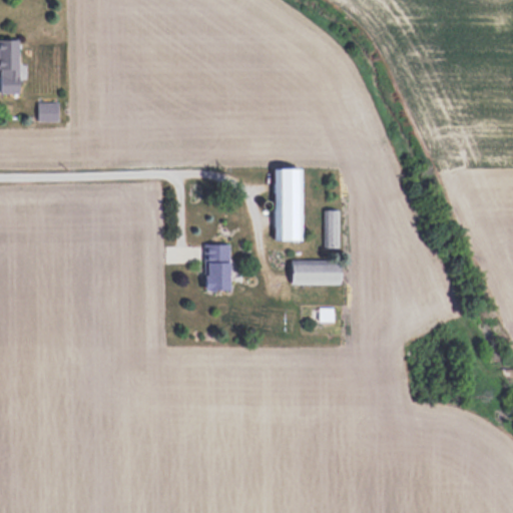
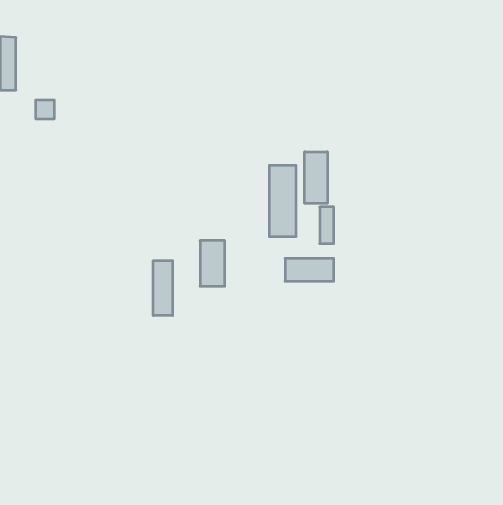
building: none -> [305,152,327,203]
building: none -> [153,261,173,316]

